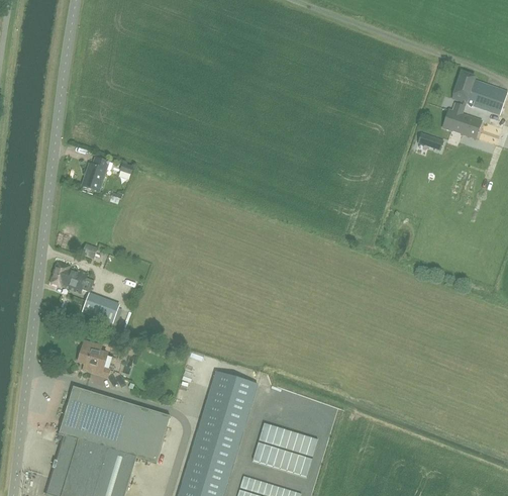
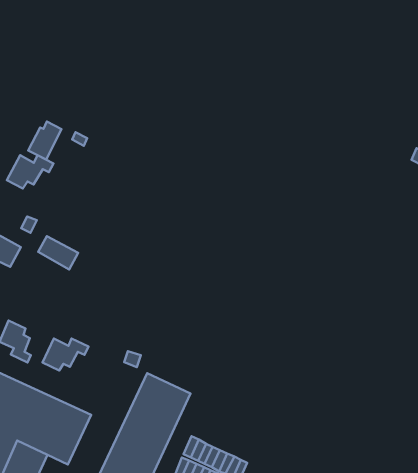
building: none -> [7,155,54,188]
building: [82,296,118,323] -> [38,236,78,269]
building: none -> [42,339,89,370]

